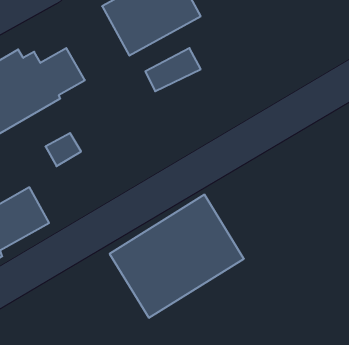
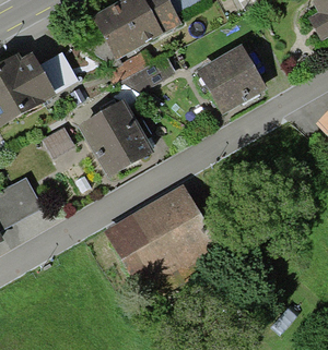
building: none -> [194,44,266,113]
building: none -> [78,99,153,178]

